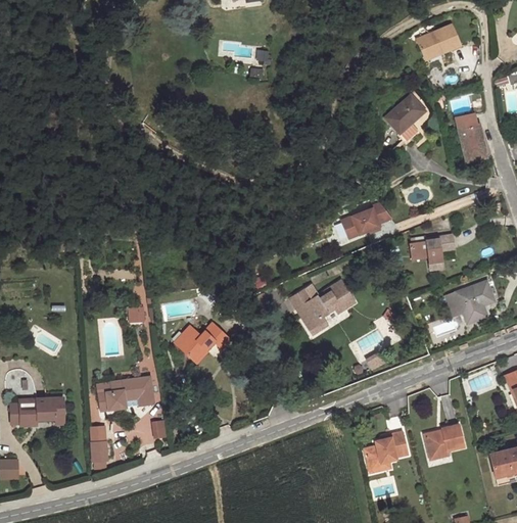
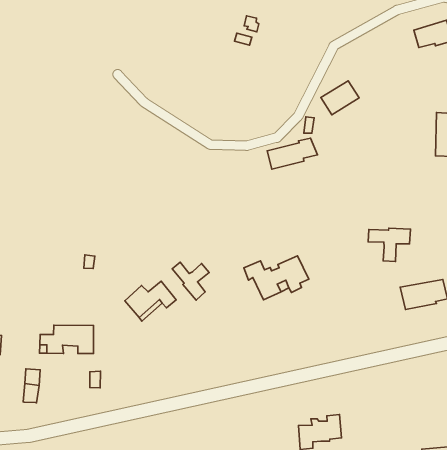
building: [387,95,425,131] -> [321,81,359,115]
building: [342,202,392,238] -> [267,138,317,169]
building: none -> [172,262,209,300]
building: [426,422,465,455] -> none

